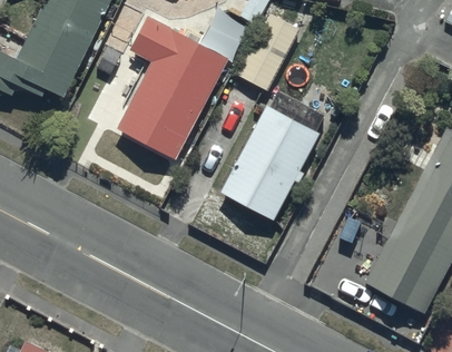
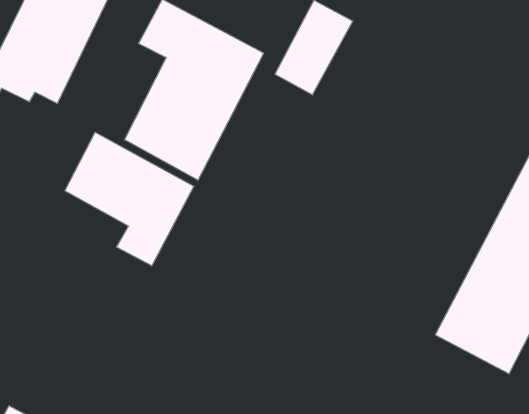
building: [220,90,325,222] -> none
building: none -> [65,132,194,266]

